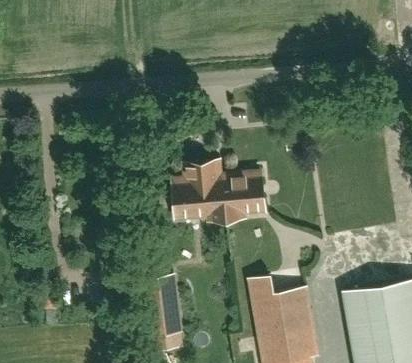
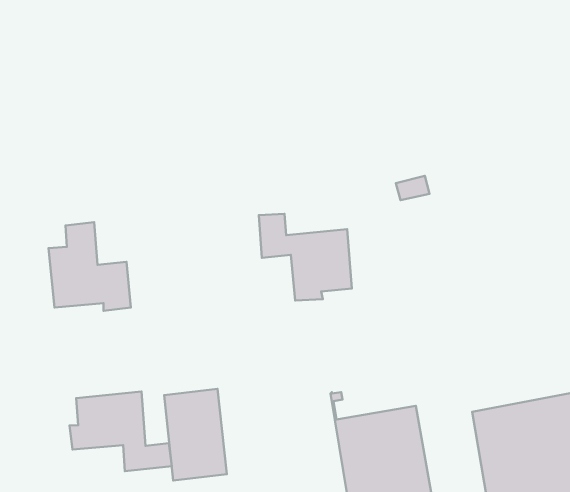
building: [172,164,226,222] -> [49,222,131,311]
building: none -> [70,391,172,471]

